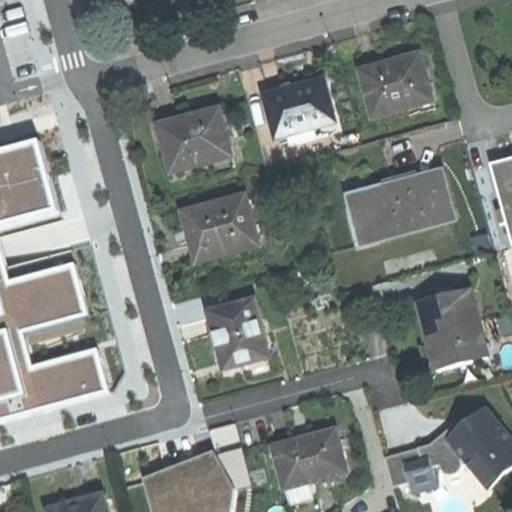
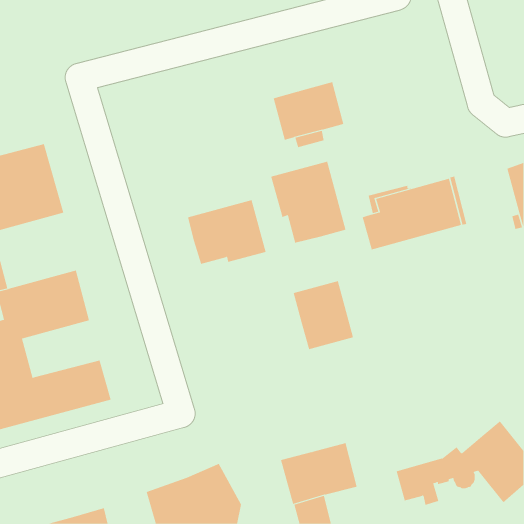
building: [360,52,431,114] -> none
building: [157,107,230,170] -> none
building: none -> [270,161,346,244]
building: [418,289,485,367] -> none
building: [209,299,268,366] -> [293,280,354,350]

